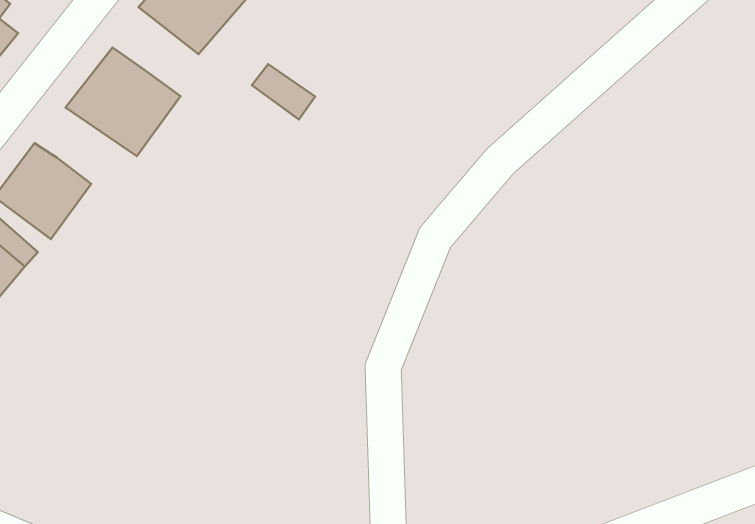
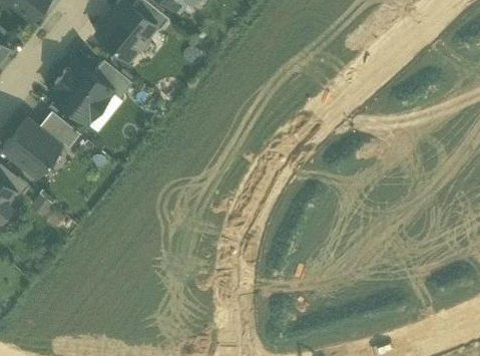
building: [252,64,315,119] -> [94,61,133,95]
building: none -> [40,111,78,147]

